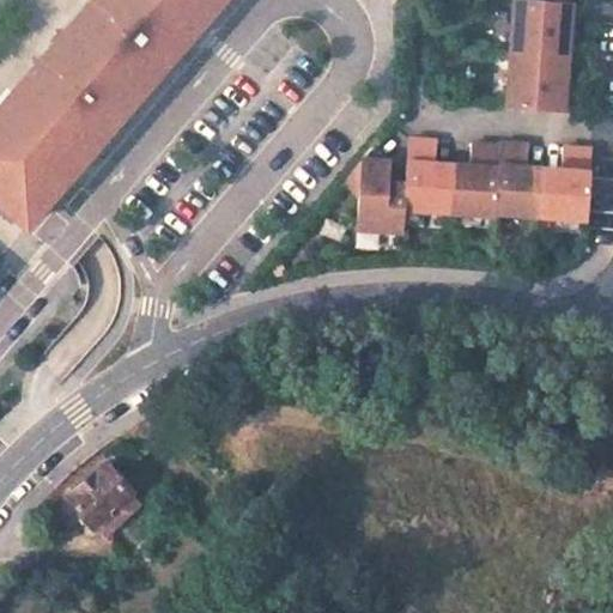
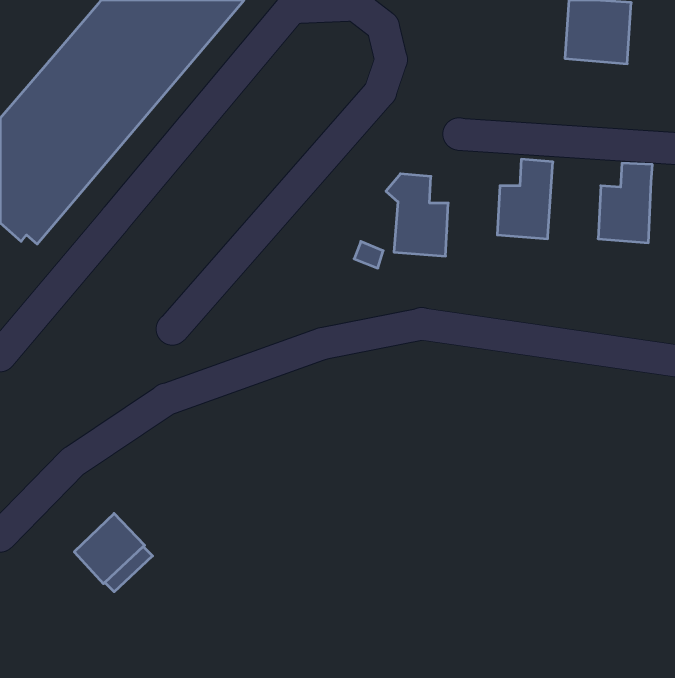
building: [509,53,569,111] -> none
building: [406,139,454,212] -> none
building: [497,142,545,216] -> none

